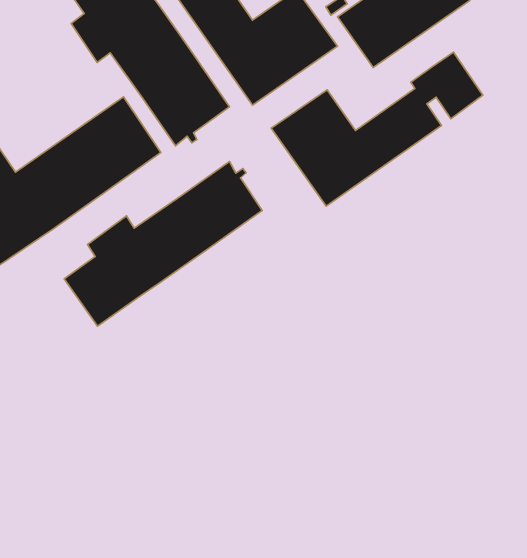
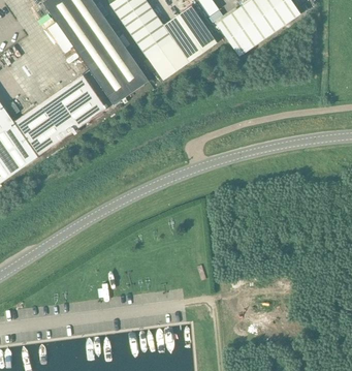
building: [271,52,483,206] -> none
building: [64,161,262,326] -> none

